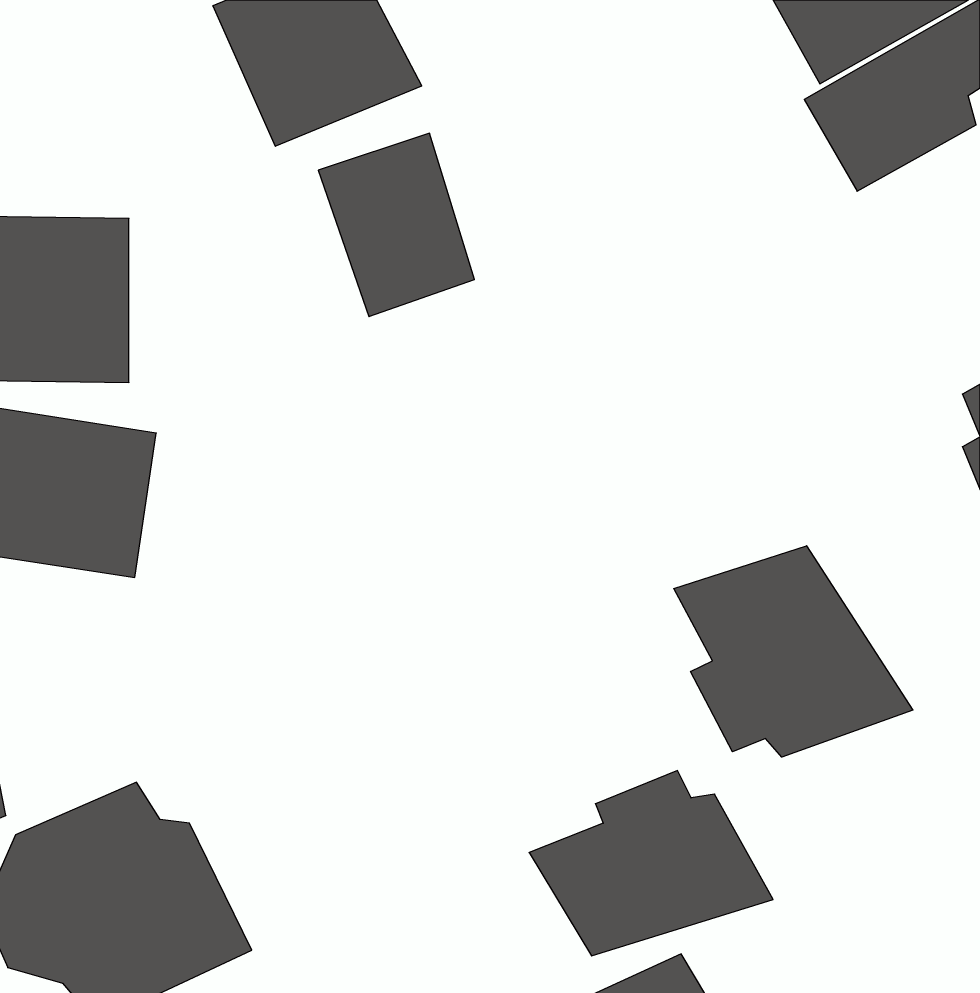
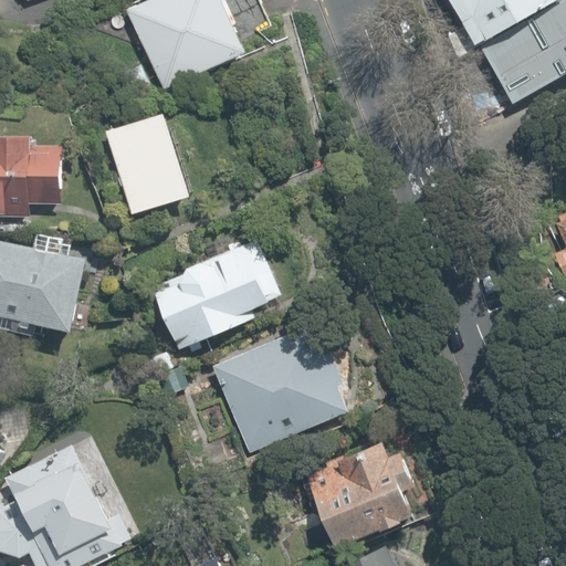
building: [318,133,474,317] -> [105,108,193,212]
building: none -> [139,237,283,354]
building: [674,546,913,757] -> none
building: none -> [208,329,352,452]

